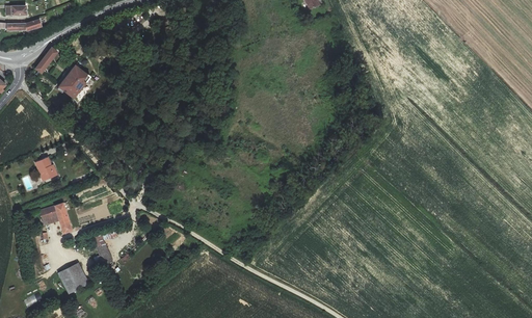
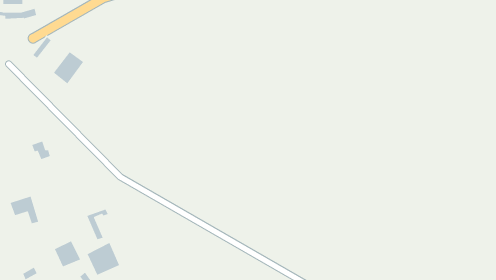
building: [39,203,71,233] -> [10,196,39,224]
building: none -> [86,242,120,276]

